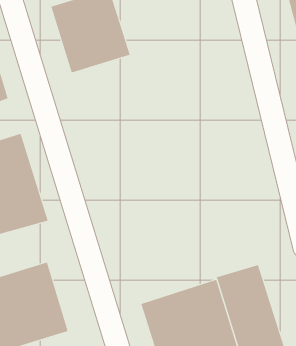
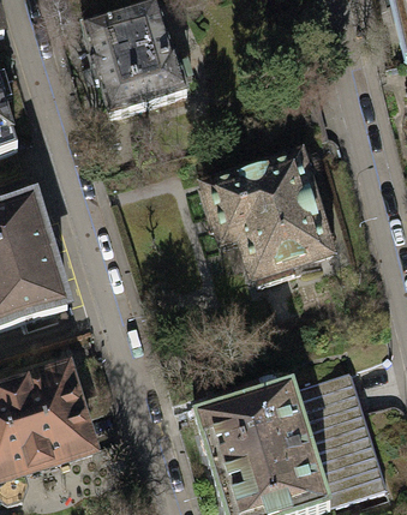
building: none -> [193,152,322,279]

